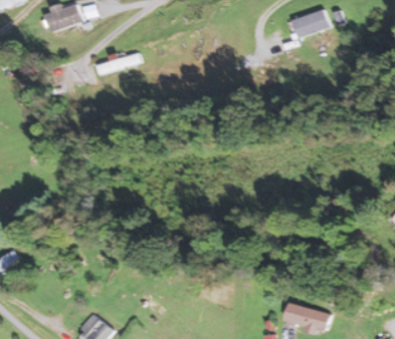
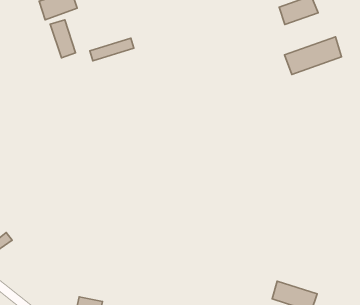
building: none -> [50,20,76,58]
building: none -> [284,37,341,75]

